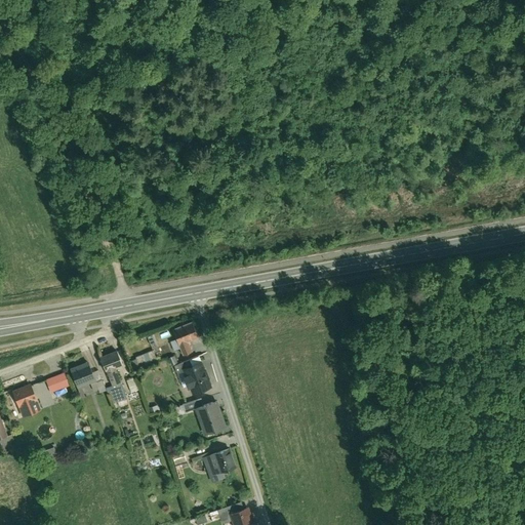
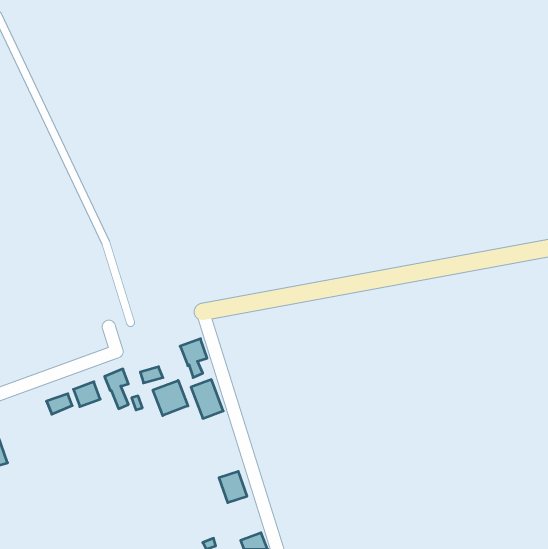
building: none -> [153,380,188,416]
building: [10,383,41,420] -> none
building: [198,402,228,439] -> none

